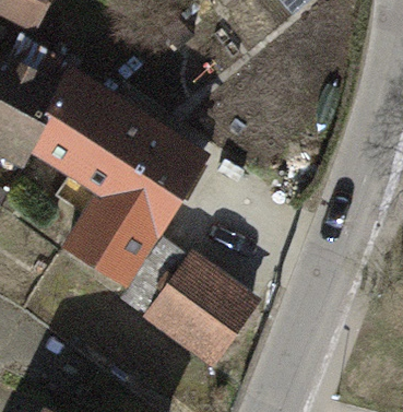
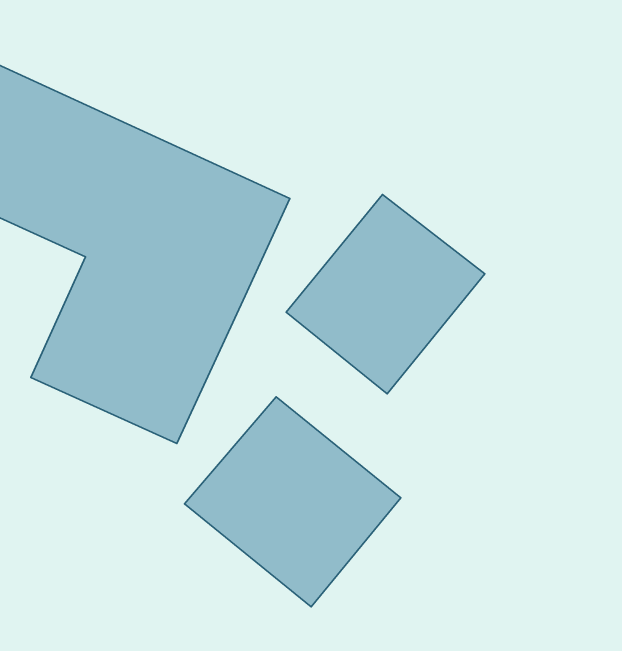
building: none -> [286,194,485,394]

